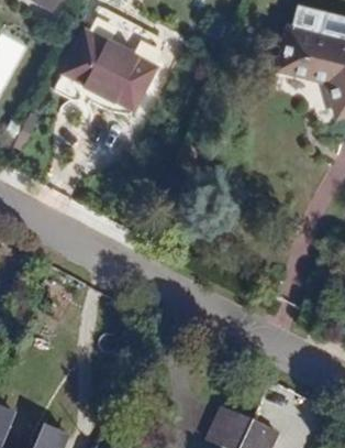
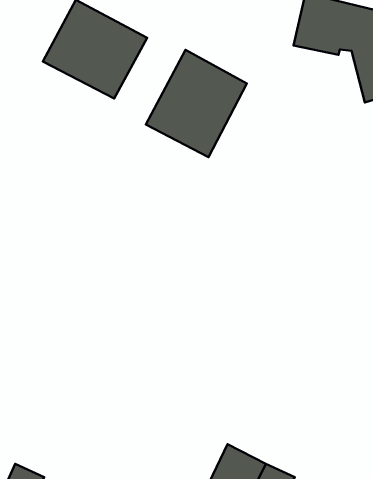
building: none -> [146,50,247,157]

